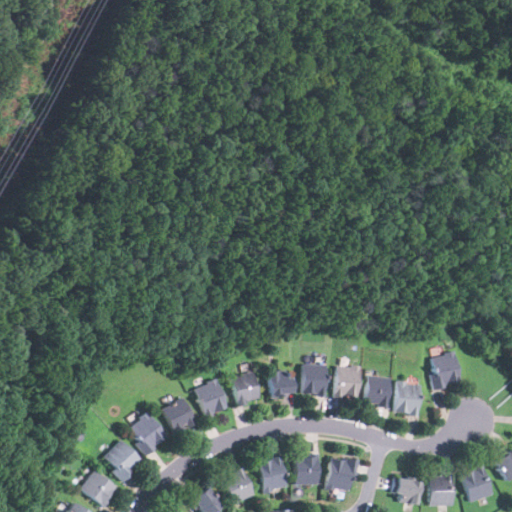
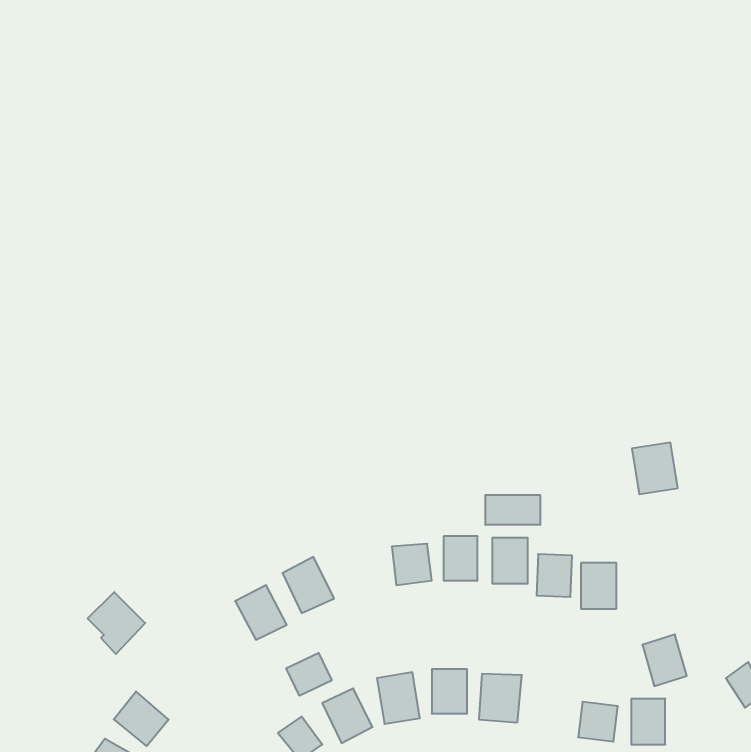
building: none -> [485,495,540,525]
building: [430,352,461,387] -> [632,443,678,494]
building: [230,372,260,405] -> none
building: [126,414,168,456] -> none
building: [103,440,142,482] -> [88,592,145,654]
building: none -> [286,653,332,696]
building: [462,467,492,502] -> [642,634,687,686]

